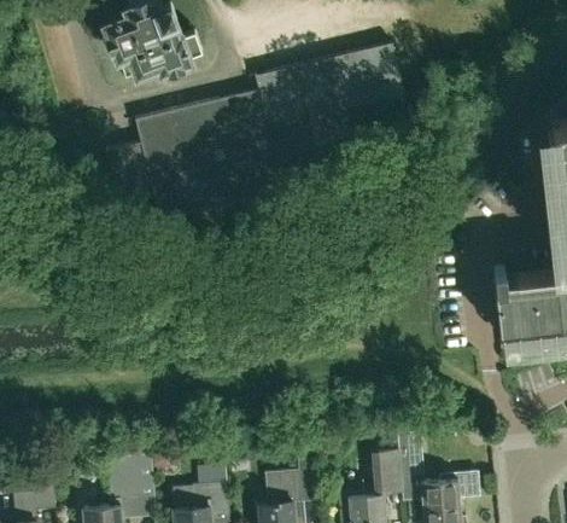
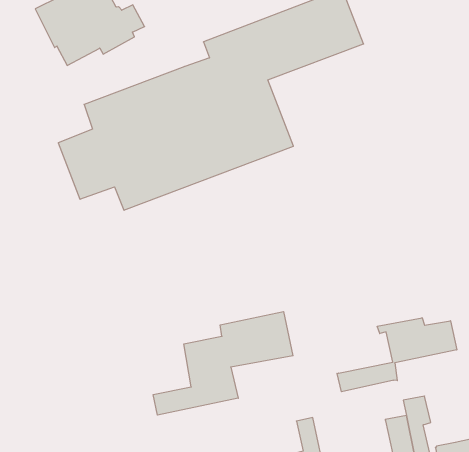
building: none -> [153,312,293,415]
building: none -> [337,318,457,392]

